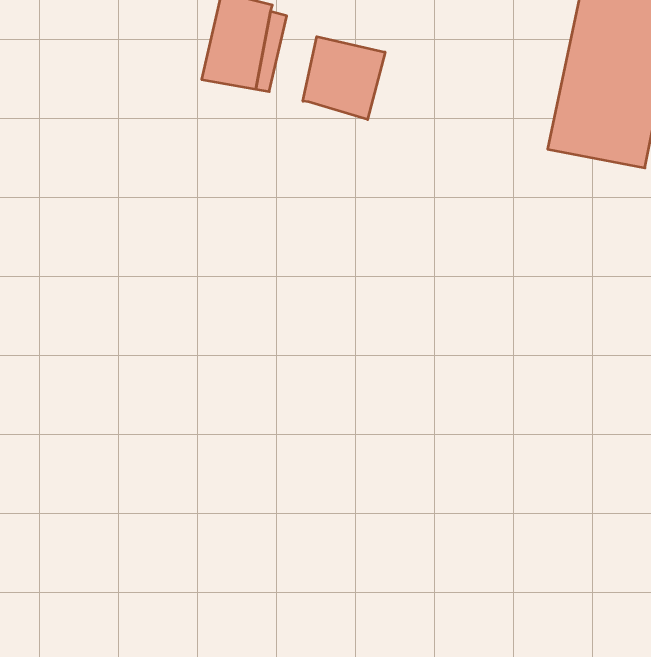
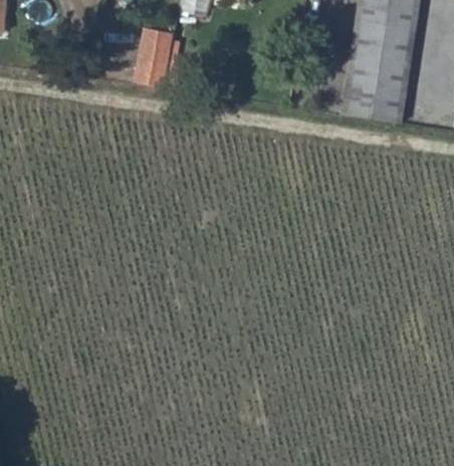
building: [303,37,385,120] -> none

